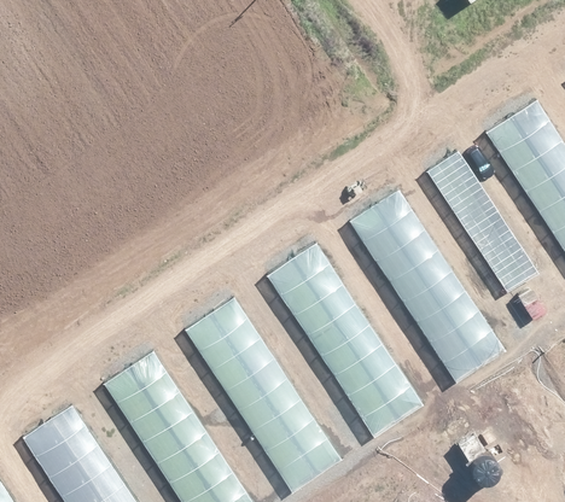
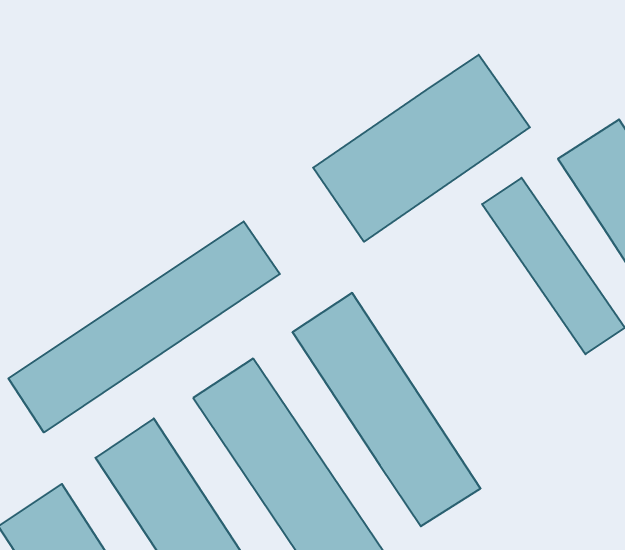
building: none -> [313,55,530,242]
building: none -> [8,221,280,432]
building: [351,191,503,383] -> none

